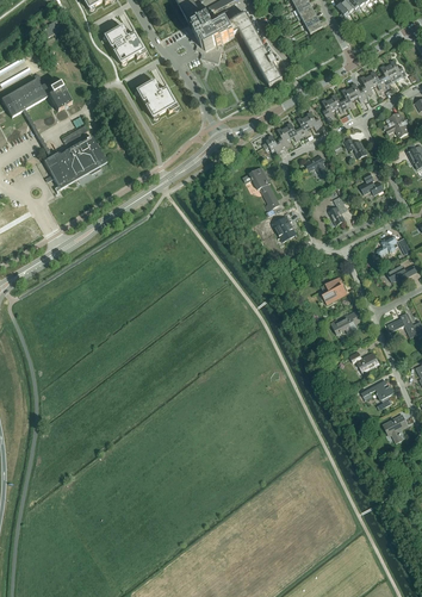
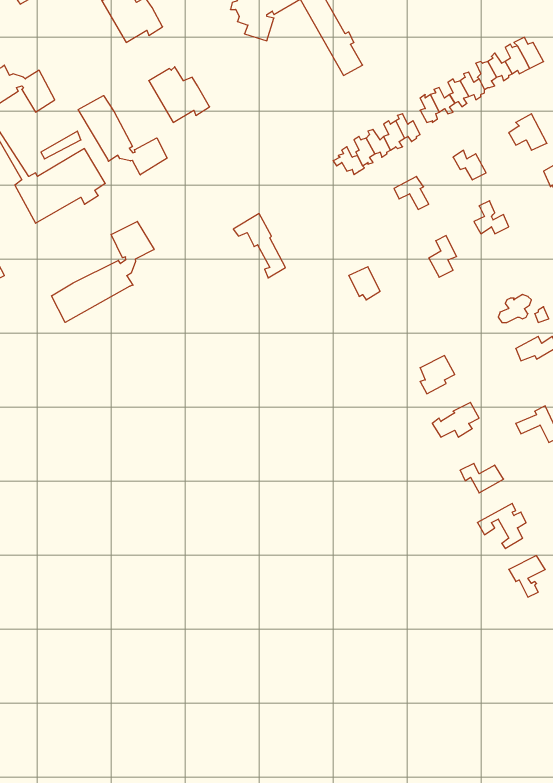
building: none -> [78,96,167,175]
building: [243,166,279,210] -> [233,214,285,278]
building: none -> [52,221,154,322]

